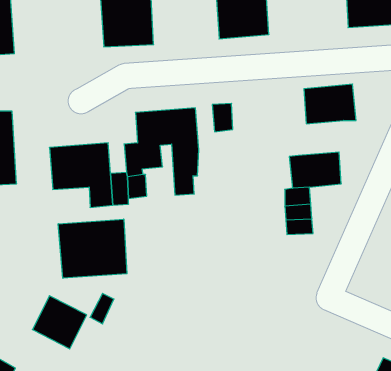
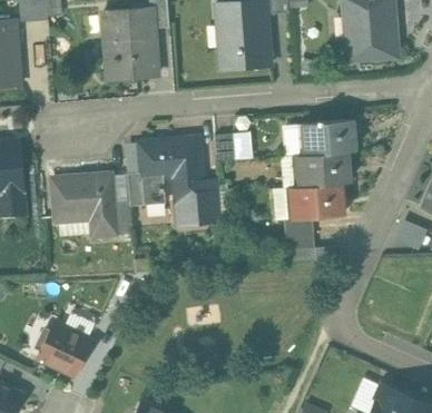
building: none -> [296,151,346,186]
building: none -> [199,180,219,219]
building: [58,219,127,278] -> none

